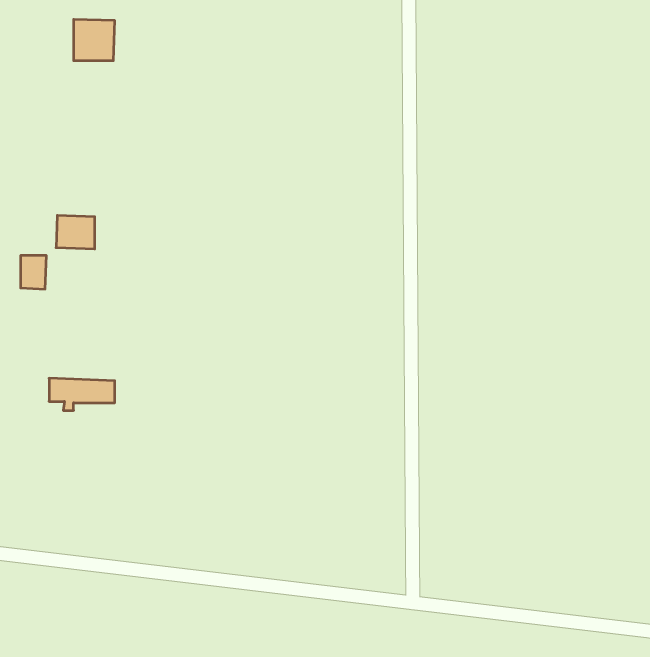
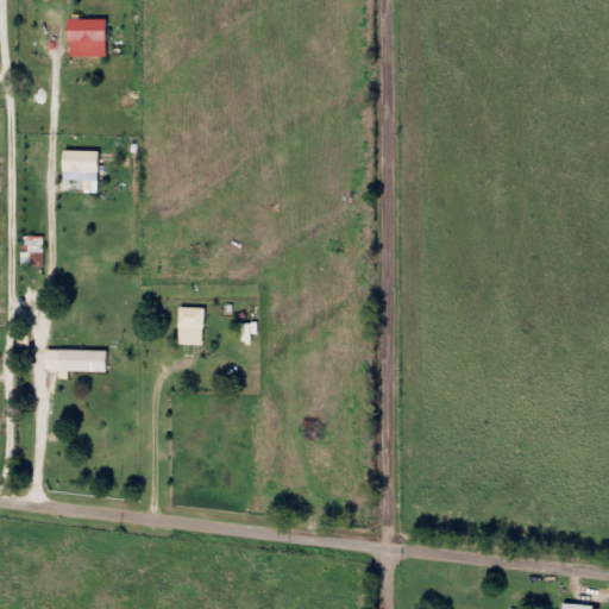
building: [56,215,95,249] -> [62,150,98,181]
building: none -> [177,307,203,344]

